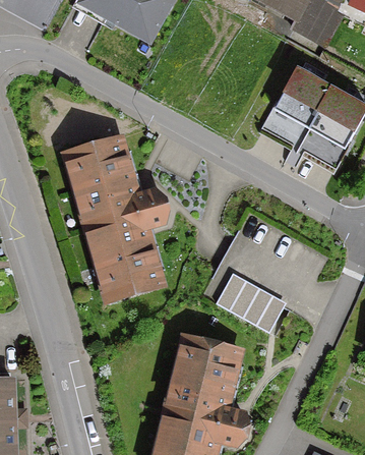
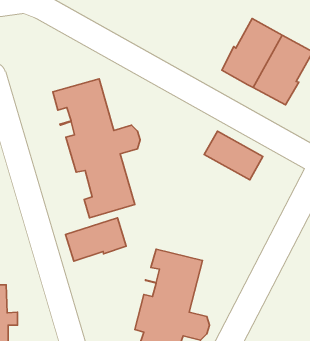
building: [216,275,284,332] -> [204,131,263,180]
building: none -> [66,218,126,261]

